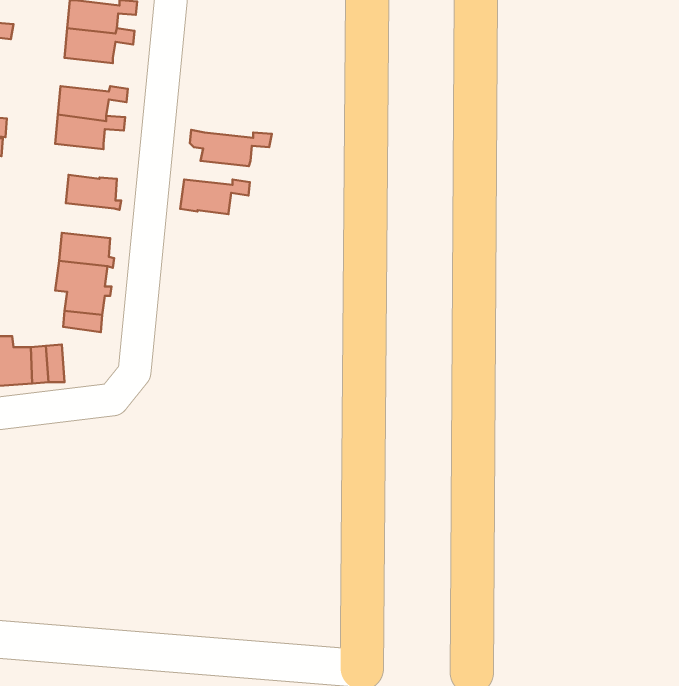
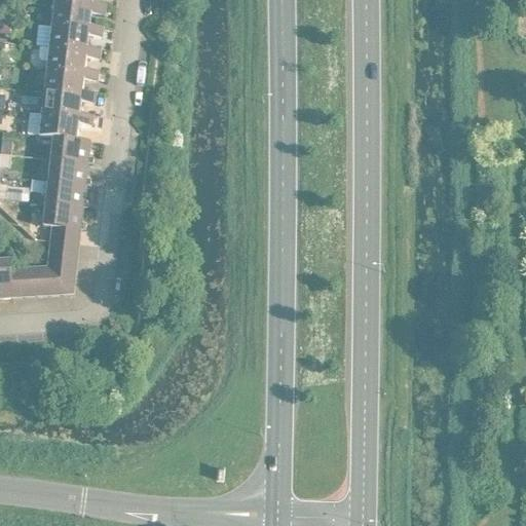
building: [190,130,272,166] -> [38,43,101,71]
building: [180,179,250,214] -> [39,111,92,138]
building: none -> [47,156,90,183]
building: none -> [47,264,75,293]

